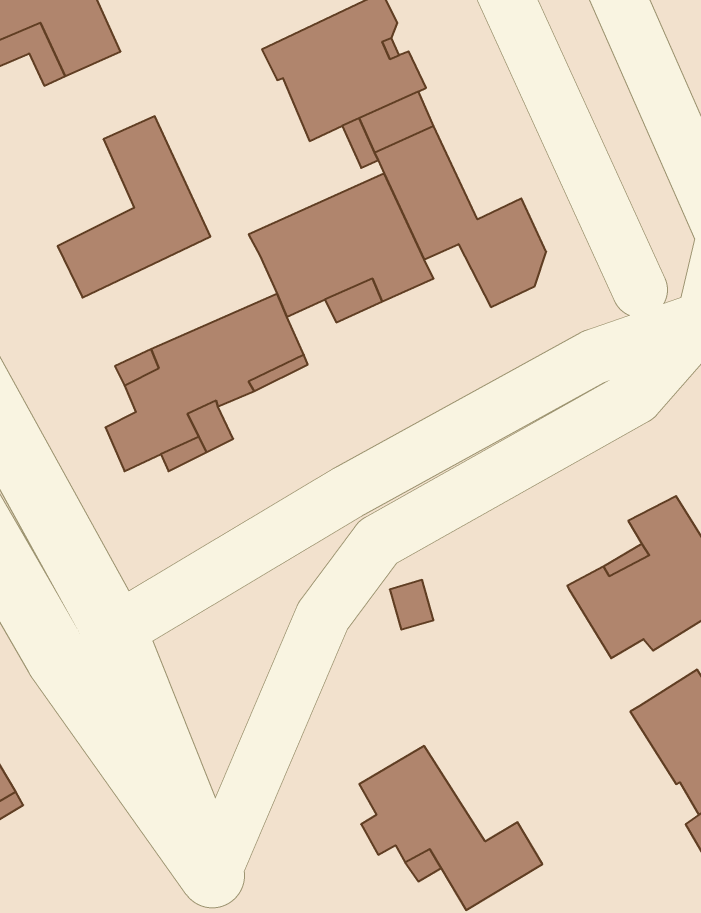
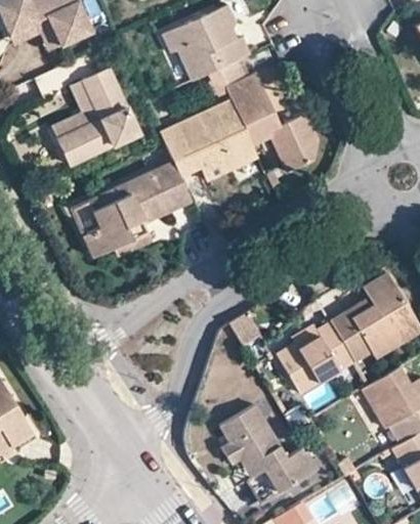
building: none -> [49,81,96,138]
building: none -> [277,322,353,393]

